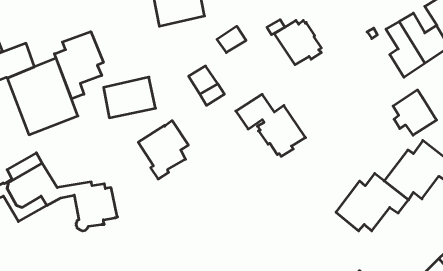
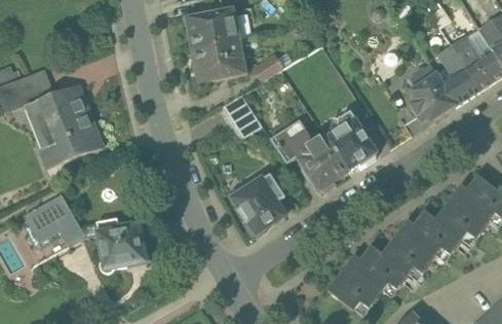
building: [274,20,321,65] -> [326,121,378,170]
building: [54,32,103,99] -> none
building: [104,77,156,118] -> [191,38,247,82]
building: [393,90,437,135] -> [410,72,457,121]
building: [138,121,188,179] -> [233,173,287,237]
building: none -> [327,244,408,309]

